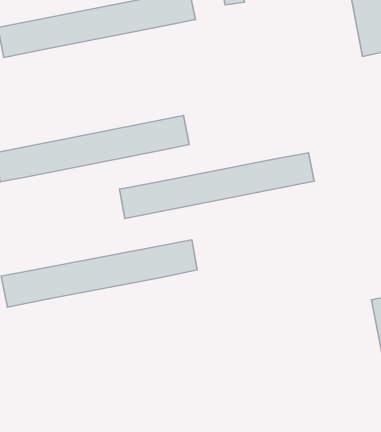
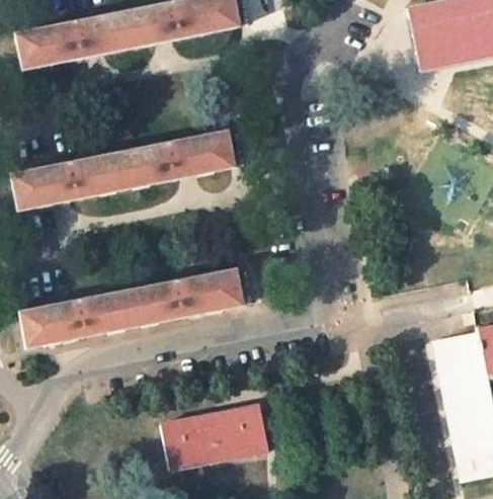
building: [119,153,314,219] -> none
building: none -> [159,401,267,467]

